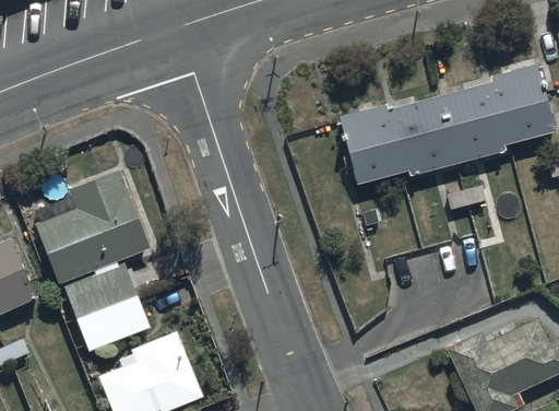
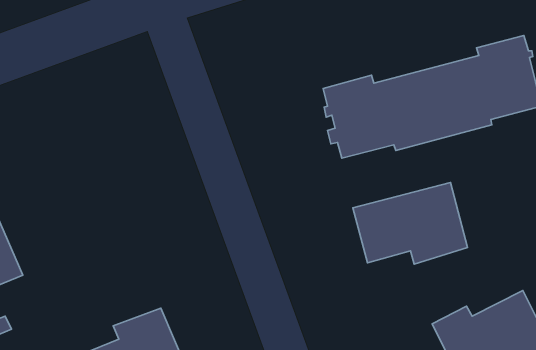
building: [35,167,152,351] -> none
building: none -> [353,182,467,264]

